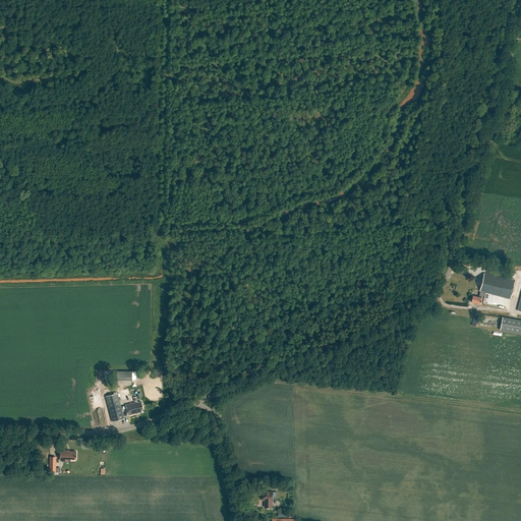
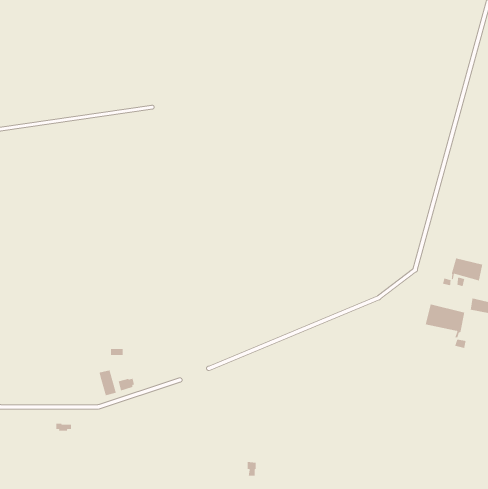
building: none -> [425,304,467,349]

